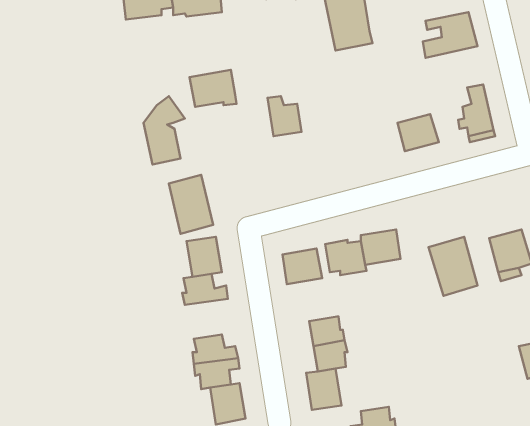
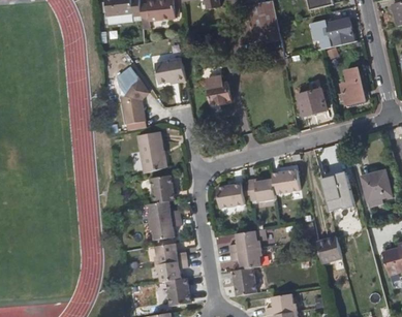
building: none -> [149,218,180,239]
building: none -> [317,235,342,263]

